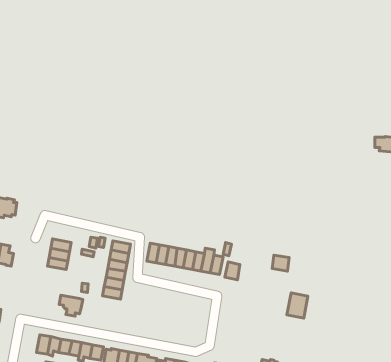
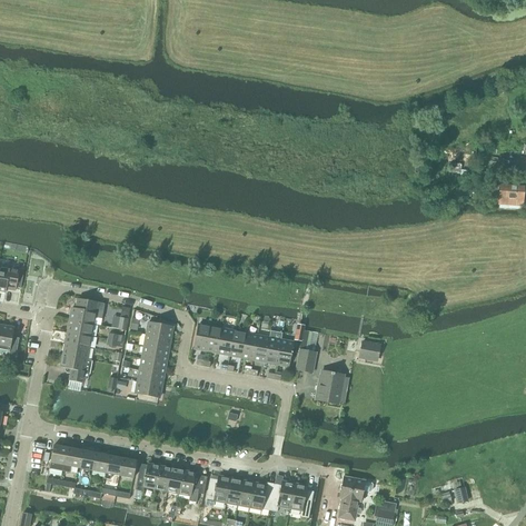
building: none -> [70,298,105,324]
building: [287,293,308,318] -> [316,370,344,404]
building: [59,295,83,316] -> [61,355,92,383]

